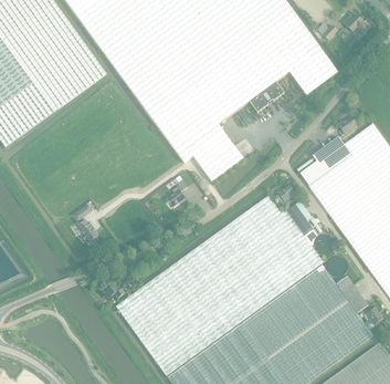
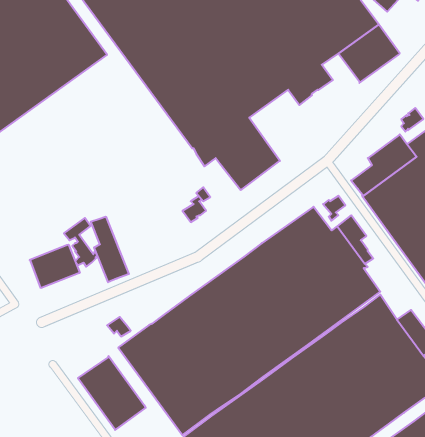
building: none -> [91,217,129,282]
building: none -> [30,245,80,288]
building: none -> [78,356,146,430]

